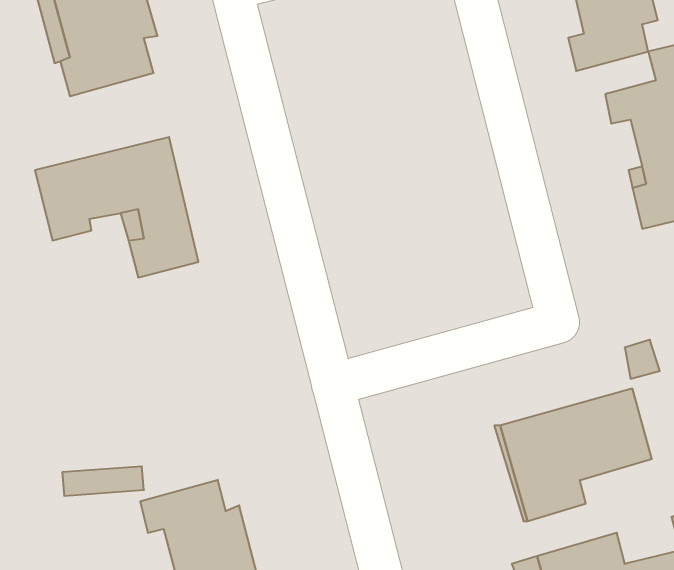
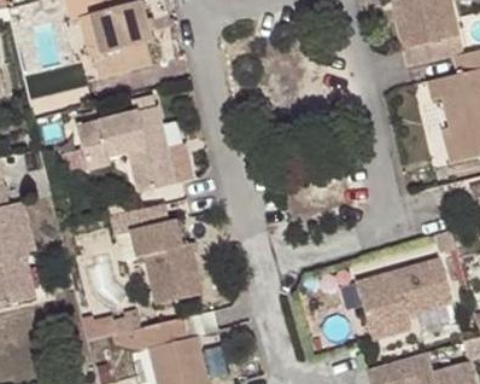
building: none -> [106,205,201,306]

